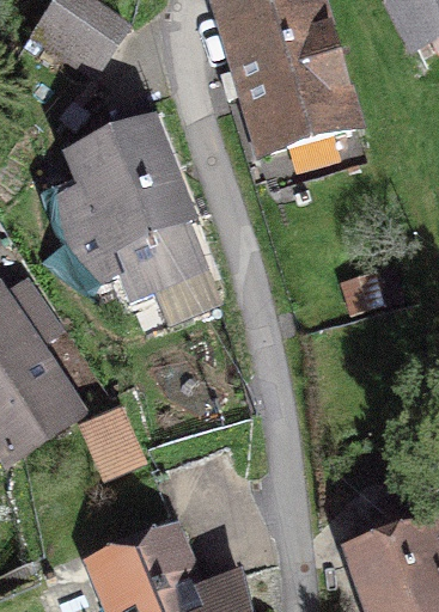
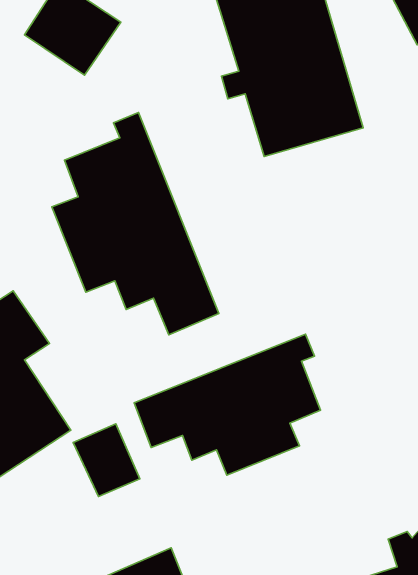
building: none -> [134,334,320,475]

